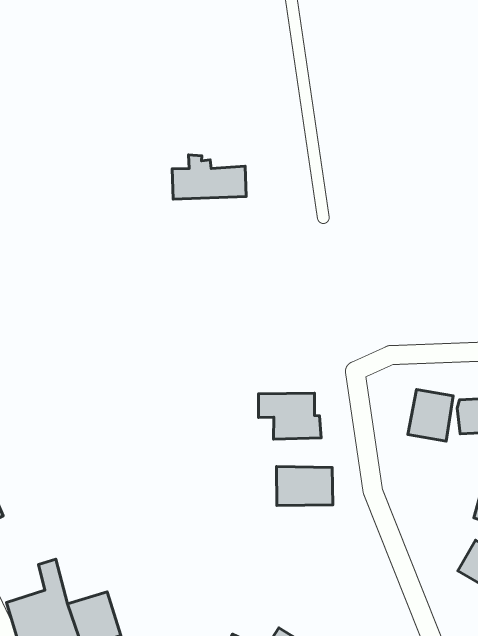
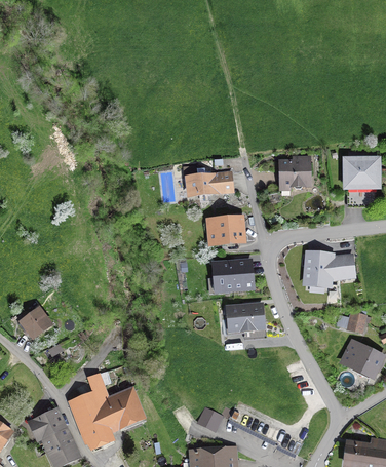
building: [172,155,246,199] -> [187,168,233,196]
building: none -> [279,156,309,188]
building: none -> [208,218,242,243]

